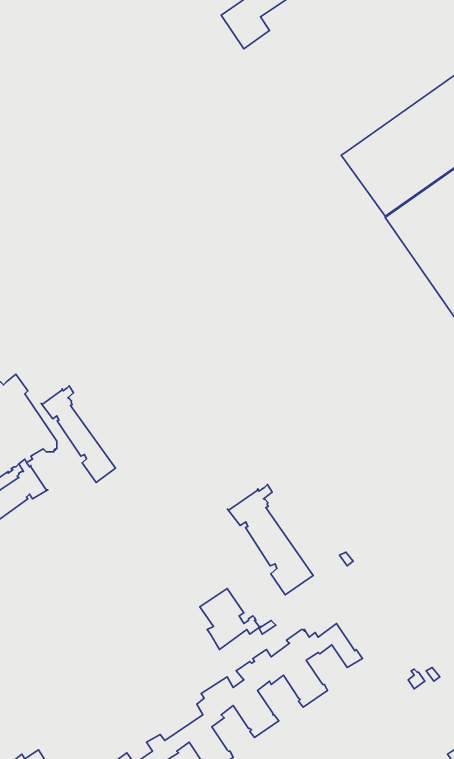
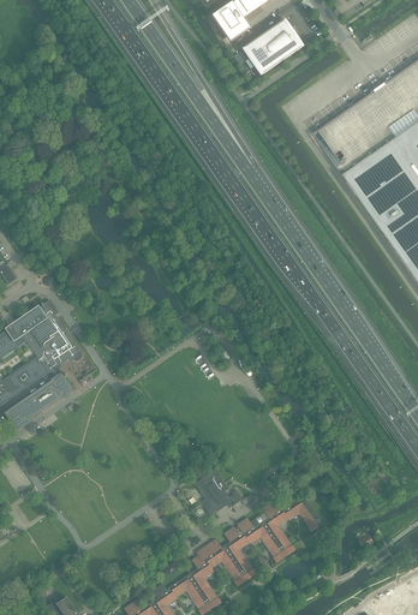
building: none -> [244,20,303,73]
building: [41,386,116,482] -> none
building: [228,485,313,595] -> none

